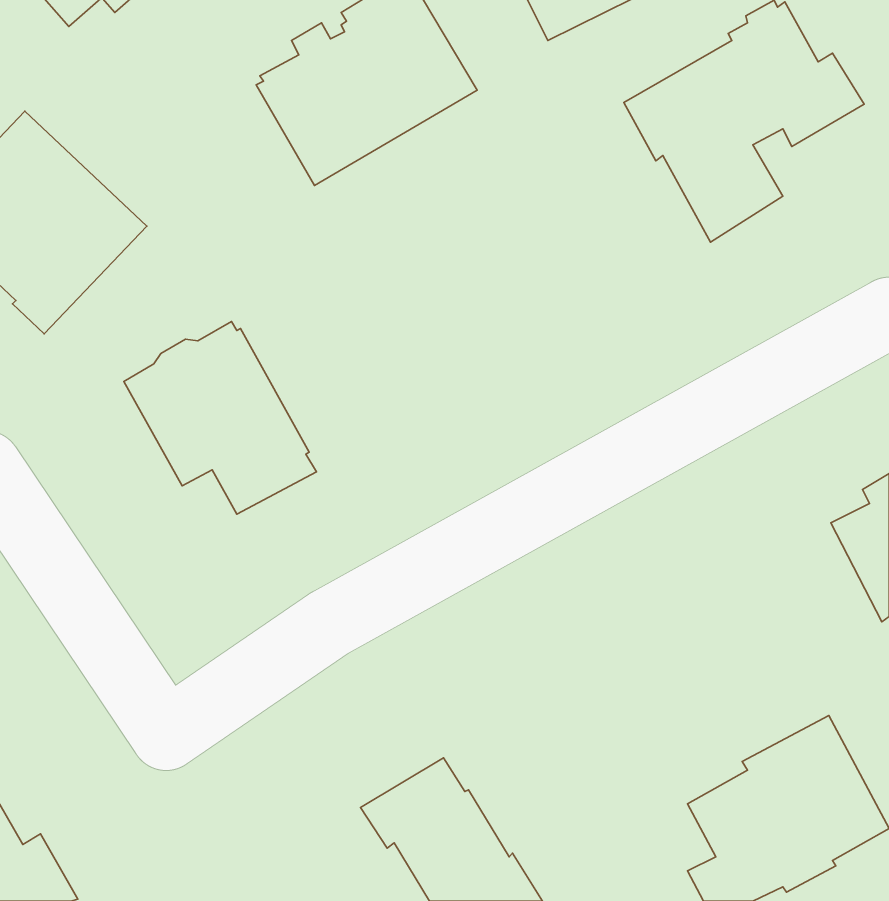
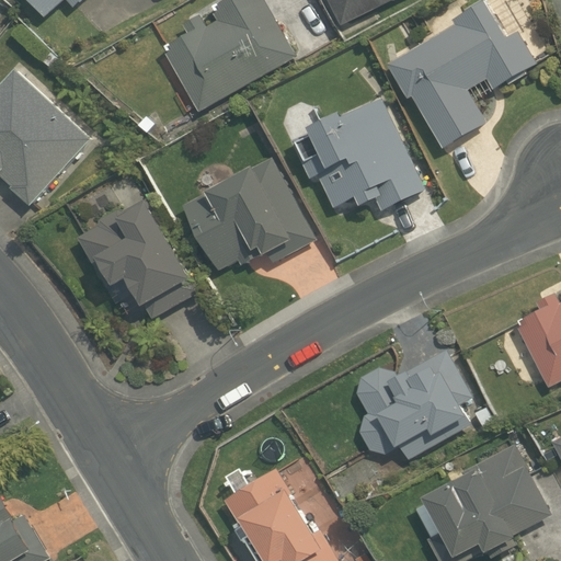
building: none -> [290,99,424,210]
building: none -> [182,157,316,271]
building: none -> [356,350,470,460]

